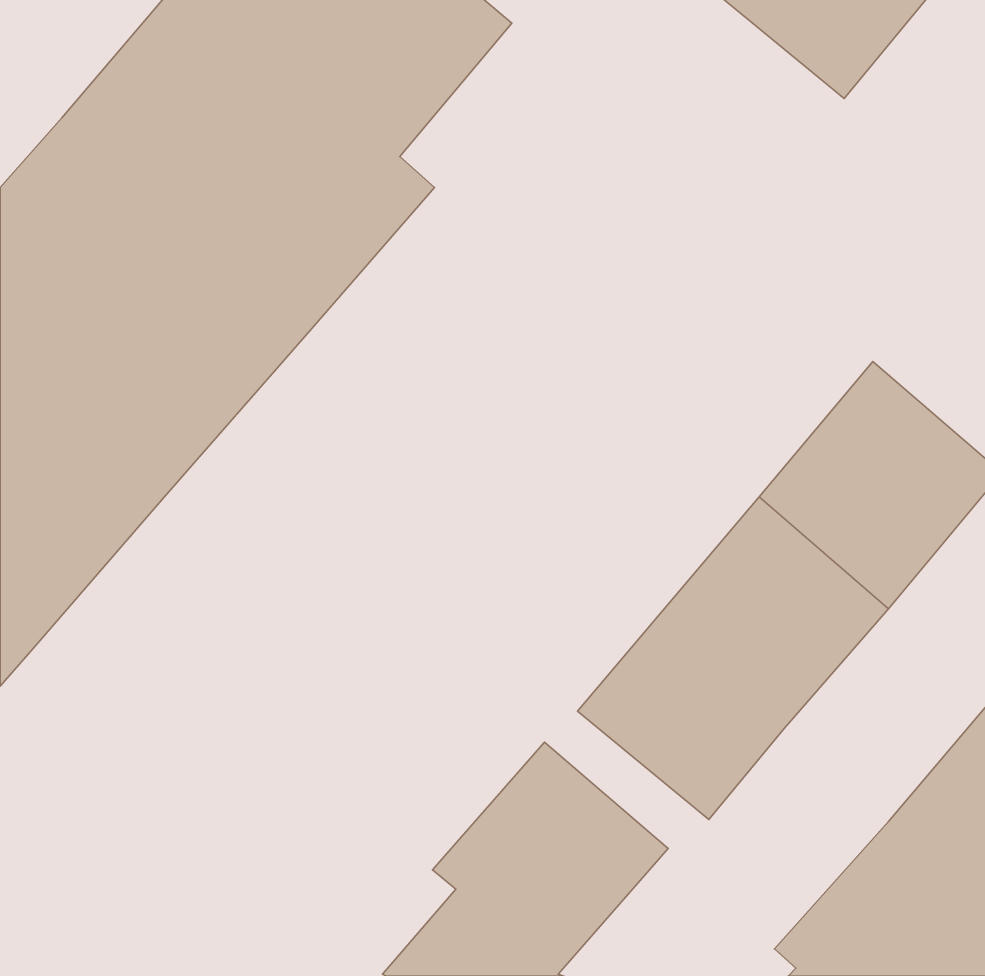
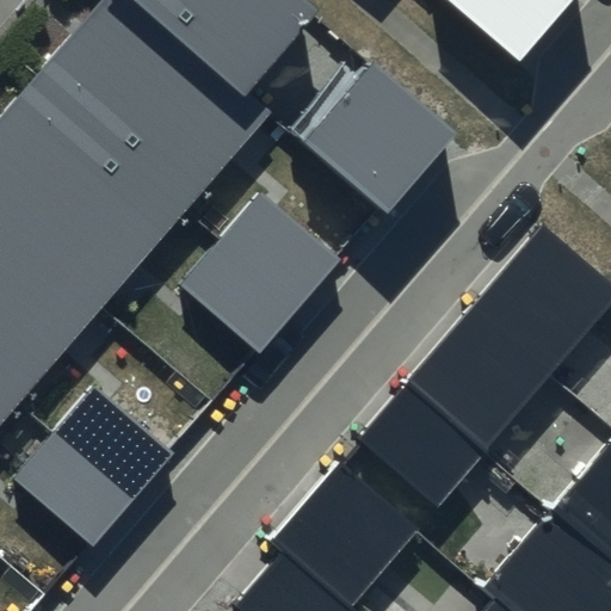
building: none -> [303,67,455,217]
building: none -> [180,193,335,350]
building: none -> [13,383,171,544]

